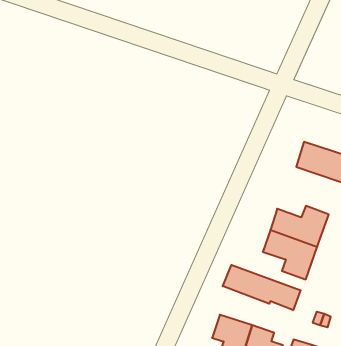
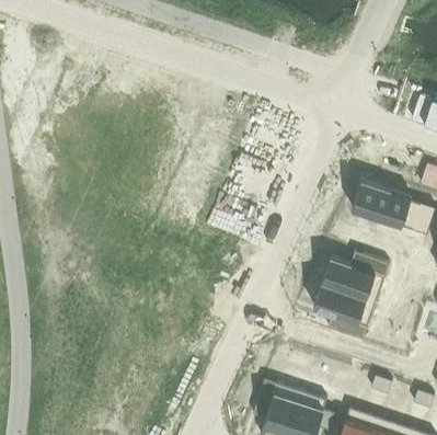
building: [223,265,301,310] -> none

